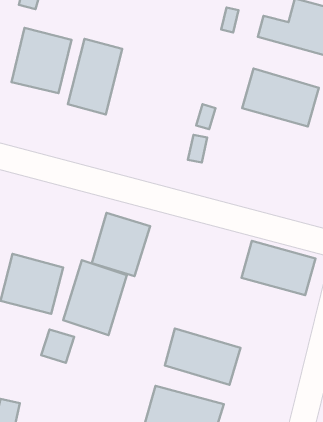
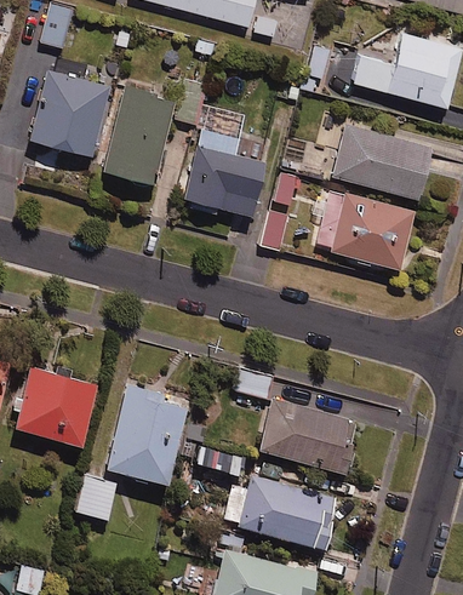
building: none -> [185,107,265,218]
building: none -> [316,190,415,270]
building: [92,213,150,276] -> none
building: [242,241,315,295] -> [253,391,350,463]

